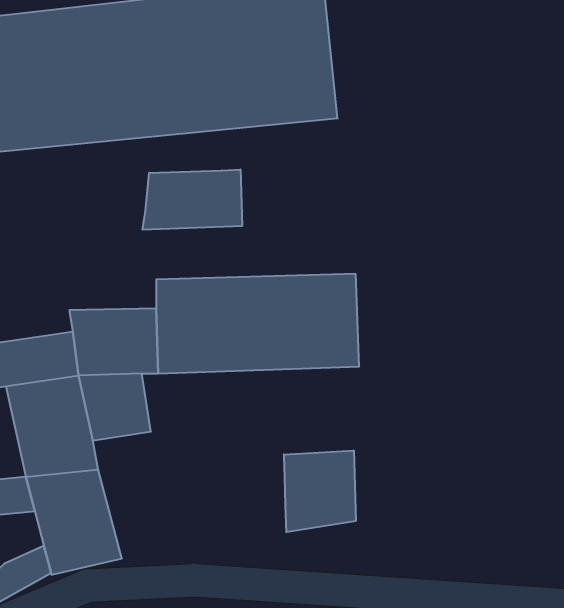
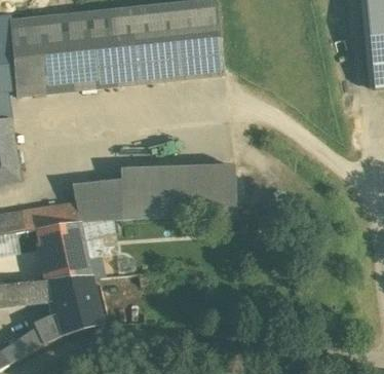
building: [143,169,242,230] -> none
building: [284,450,356,532] -> none

